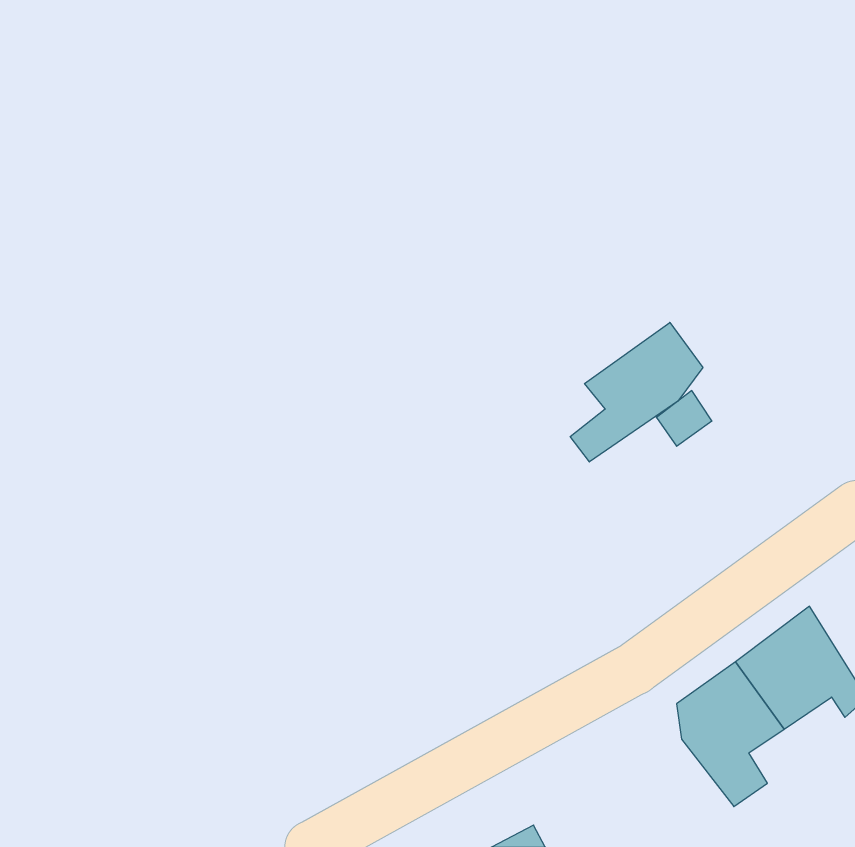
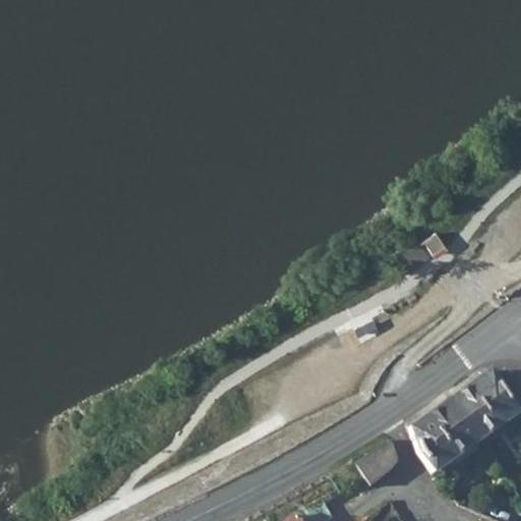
building: [570,322,703,462] -> none
building: none -> [360,438,398,482]

